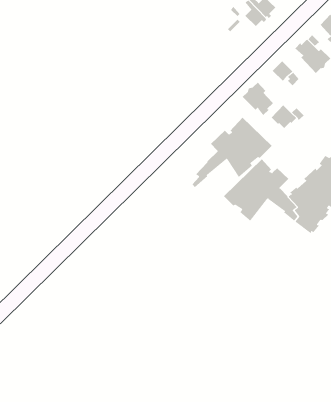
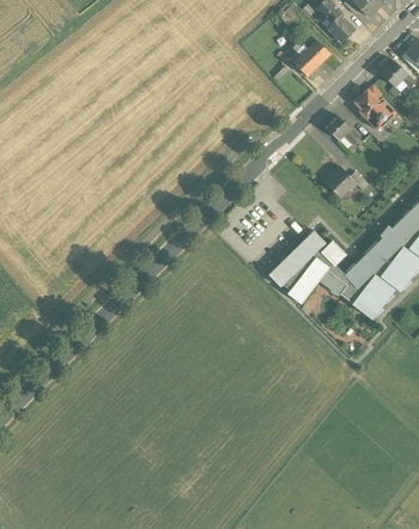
building: [242,82,273,116] -> none
building: [192,117,273,188] -> none

